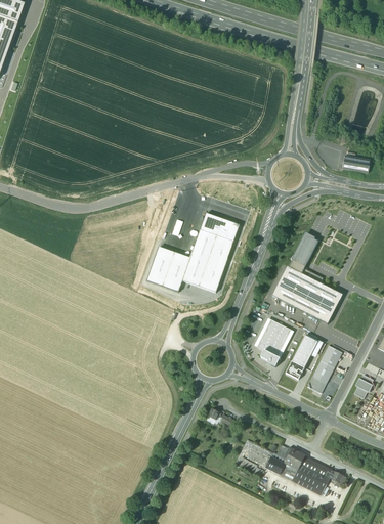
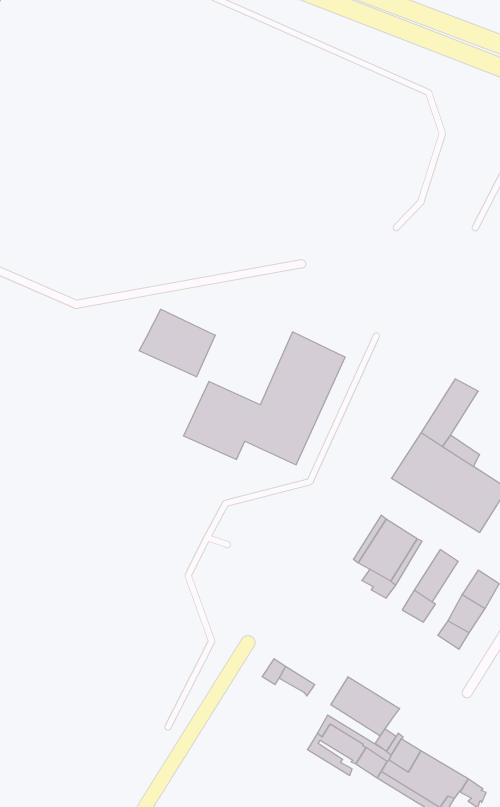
building: none -> [139,309,215,377]
building: none -> [331,677,400,736]

